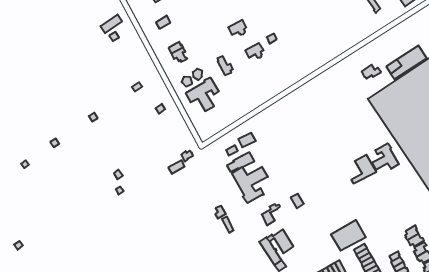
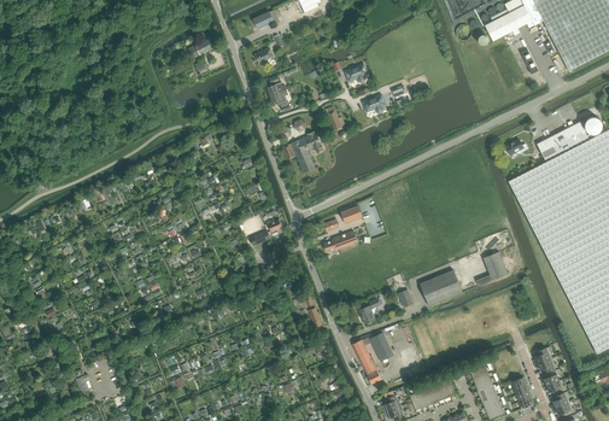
building: [372,143,399,170] -> none
building: [232,167,268,203] -> none
building: [331,220,366,251] -> [420,269,463,305]

